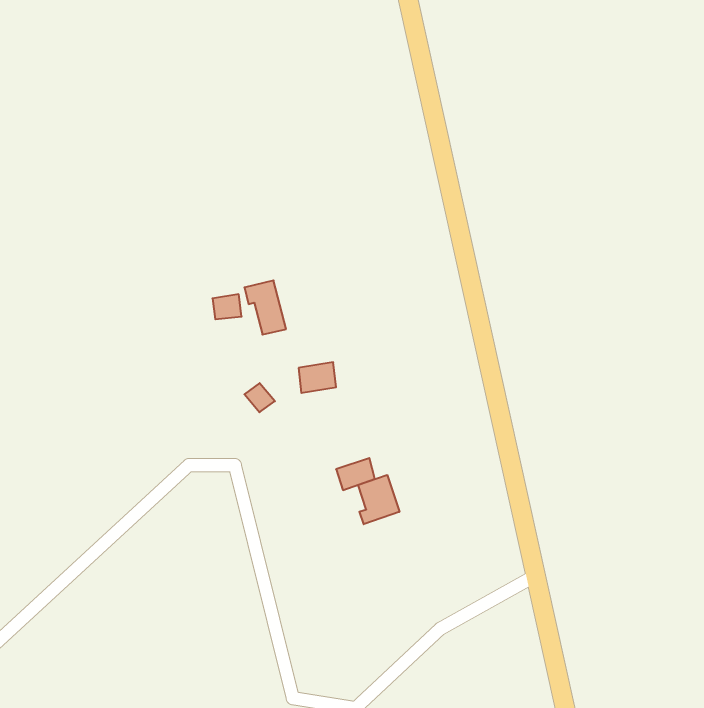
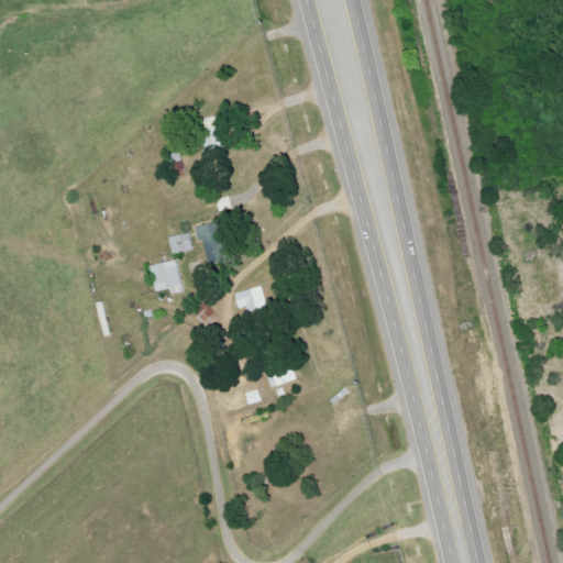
building: none -> [151,260,185,295]
building: [358,475,399,524] -> none

